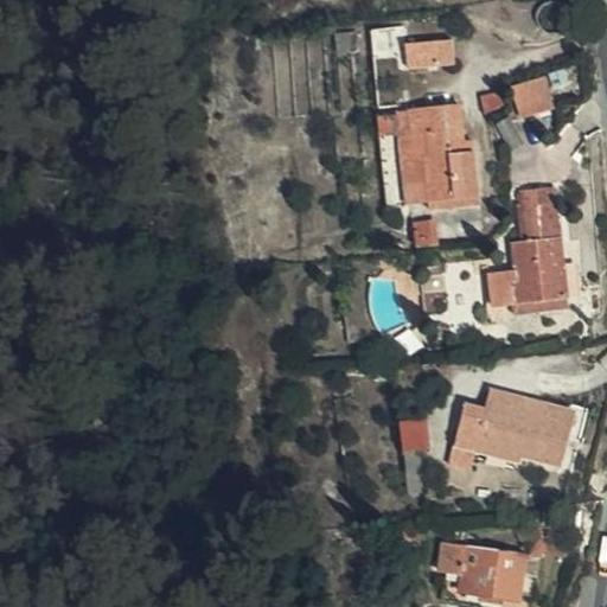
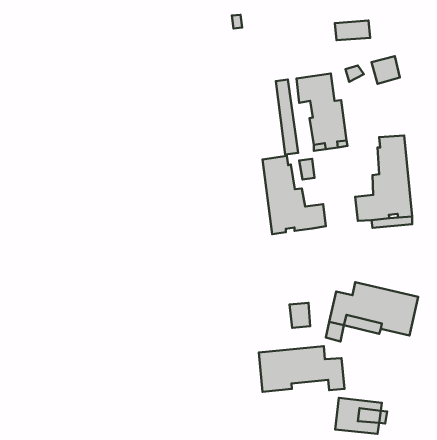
building: [404,41,453,69] -> [335,20,370,40]
building: none -> [262,156,326,234]
building: none -> [259,346,344,392]

